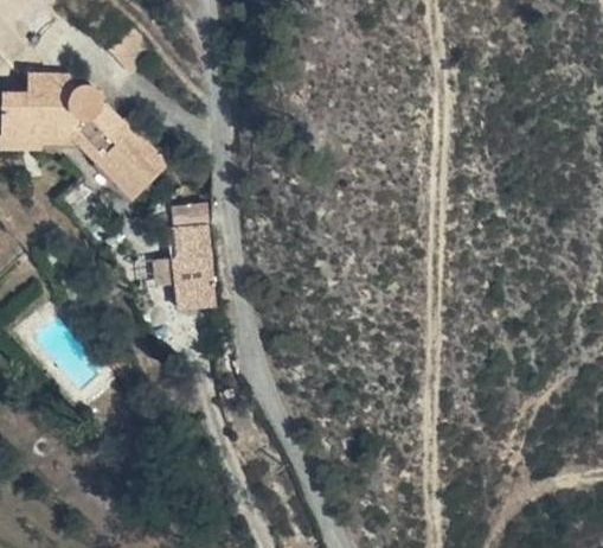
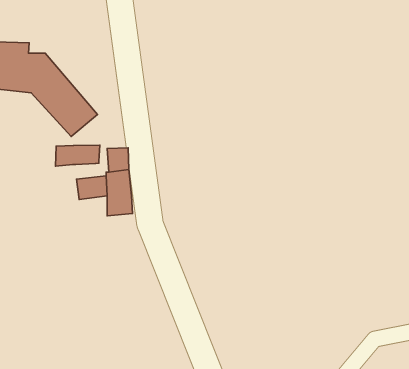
building: none -> [56,145,100,166]

